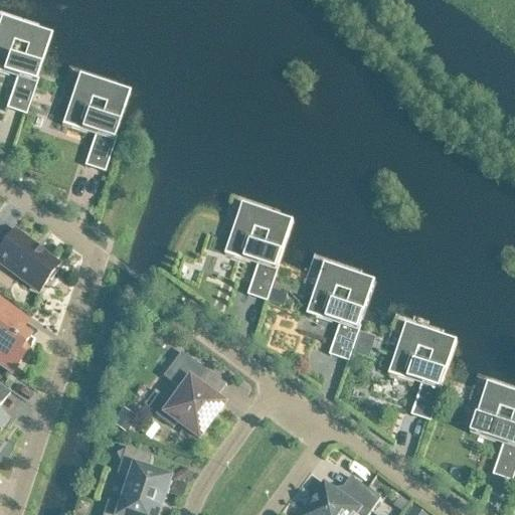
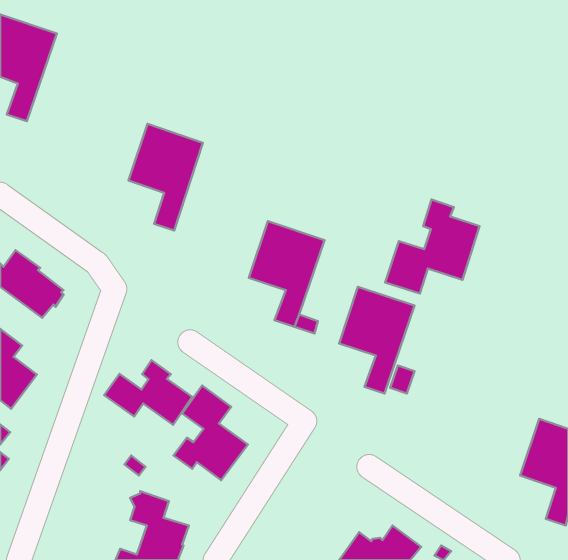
building: [61,70,129,167] -> [128,124,203,231]
building: none -> [385,199,479,294]
building: [388,320,457,416] -> none
building: none -> [104,360,192,425]

